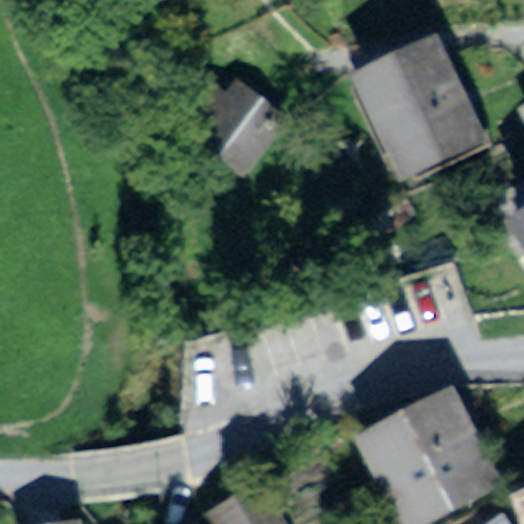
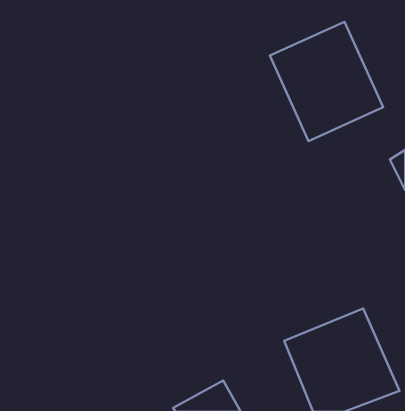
building: [192,87,273,171] -> none

